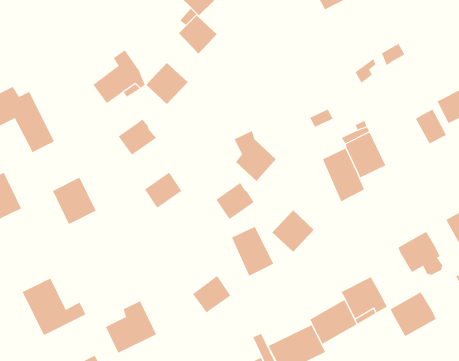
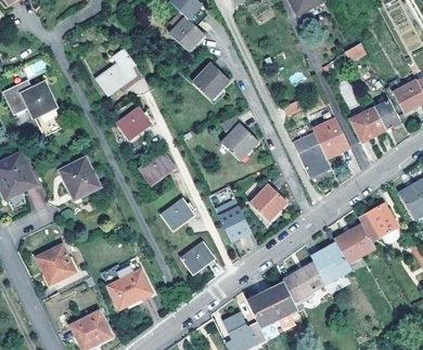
building: [146,62,188,105] -> [190,64,227,101]
building: none -> [350,107,386,142]
building: [215,182,254,220] -> [162,198,195,231]
building: [390,291,436,337] -> [334,223,374,262]

